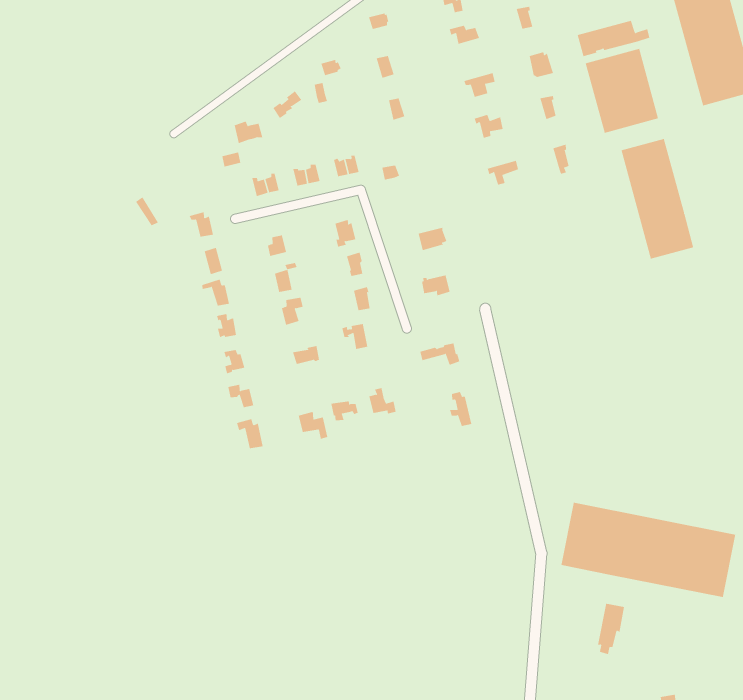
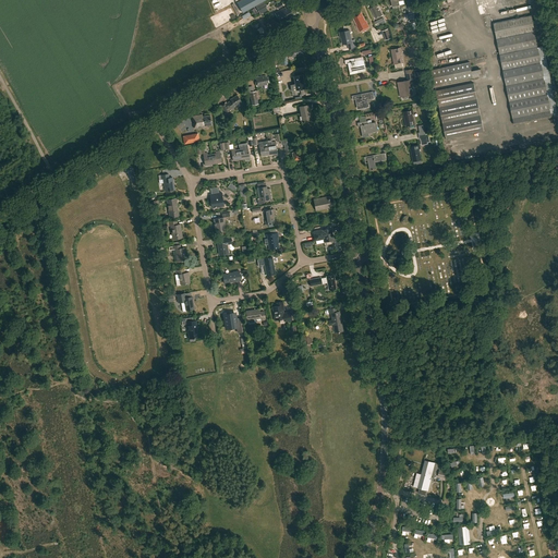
building: [621,138,694,259] -> none
building: [561,502,736,598] -> none

